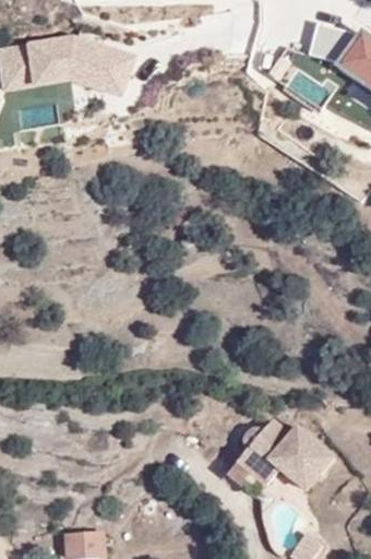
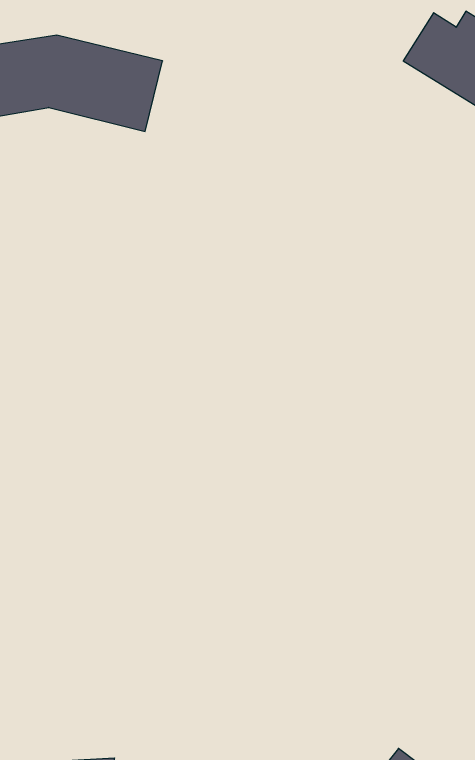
building: [225,418,332,496] -> none

